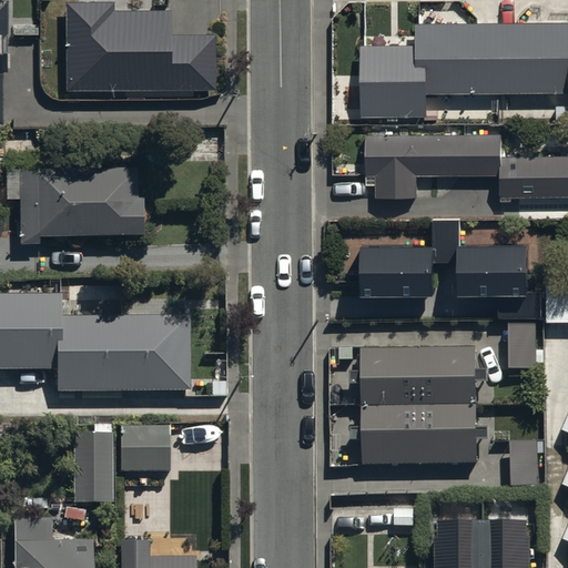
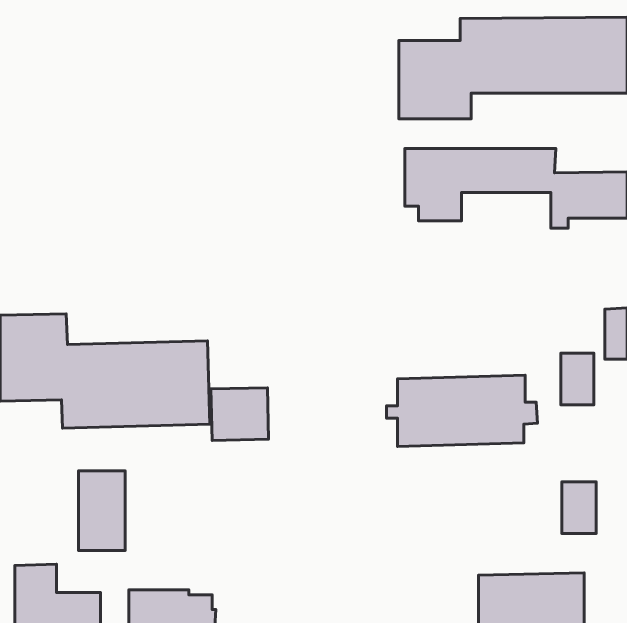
building: [70,16,219,100] -> none
building: [6,144,145,239] -> none
building: [359,224,541,321] -> none
building: [349,404,486,465] -> none
building: [116,423,169,470] -> [211,388,269,440]

